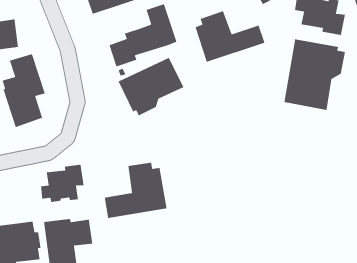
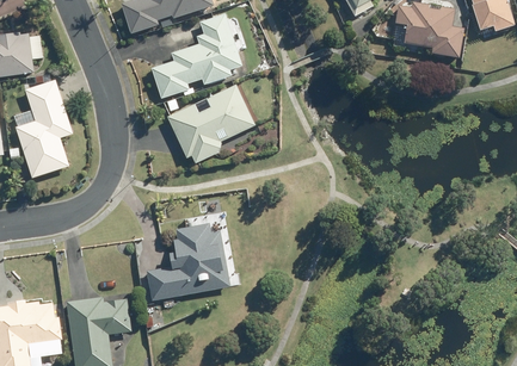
building: [194,10,265,63] -> none
building: [284,38,346,111] -> none
building: [40,164,85,203] -> none

